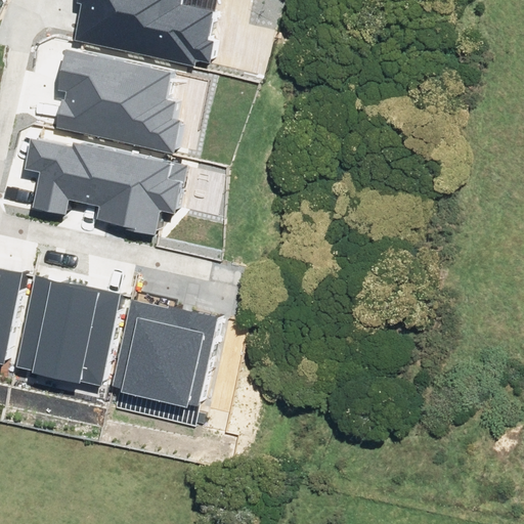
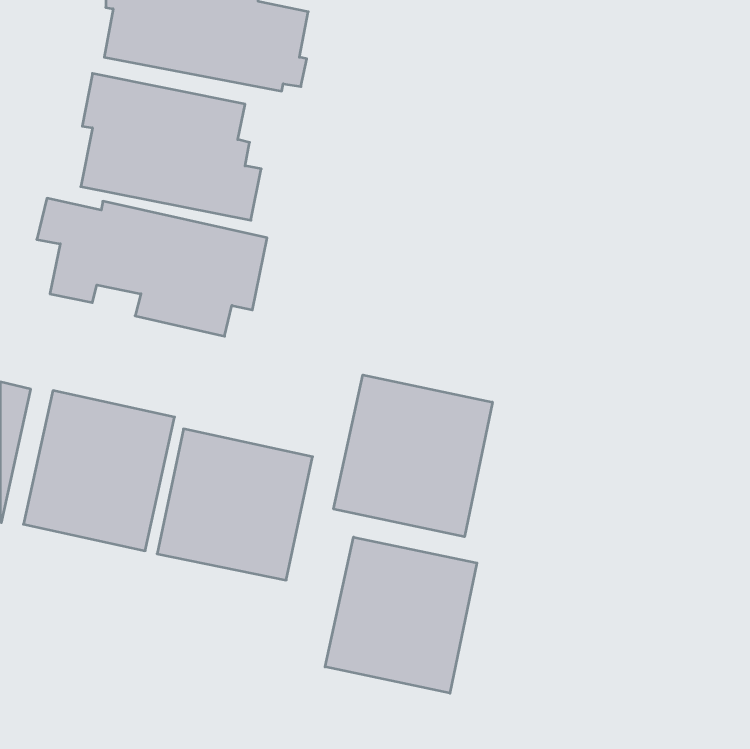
building: none -> [334,375,492,537]
building: none -> [325,537,477,693]

